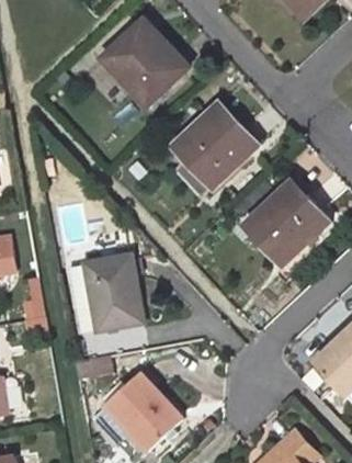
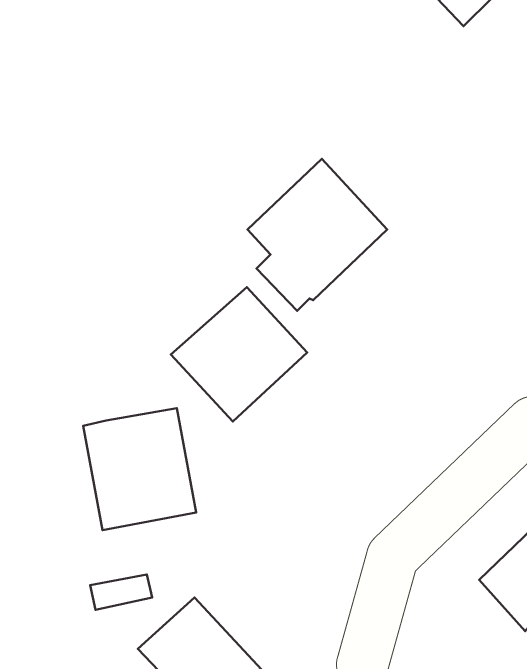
building: [102,16,184,104] -> none
building: [246,180,330,263] -> [171,287,307,422]

